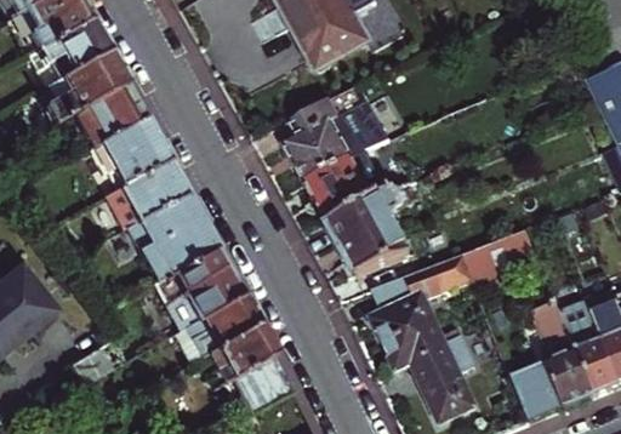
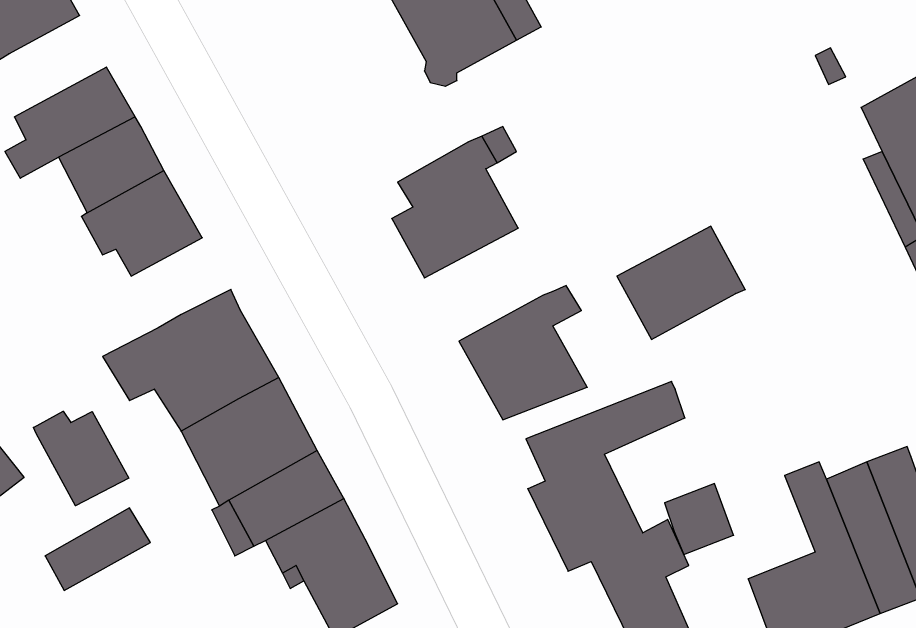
building: [45,17,107,74] -> none
building: [308,152,389,223] -> [617,226,745,339]
building: [123,158,186,215] -> none
building: [467,241,511,286] -> [665,484,734,554]
building: none -> [33,411,129,506]

